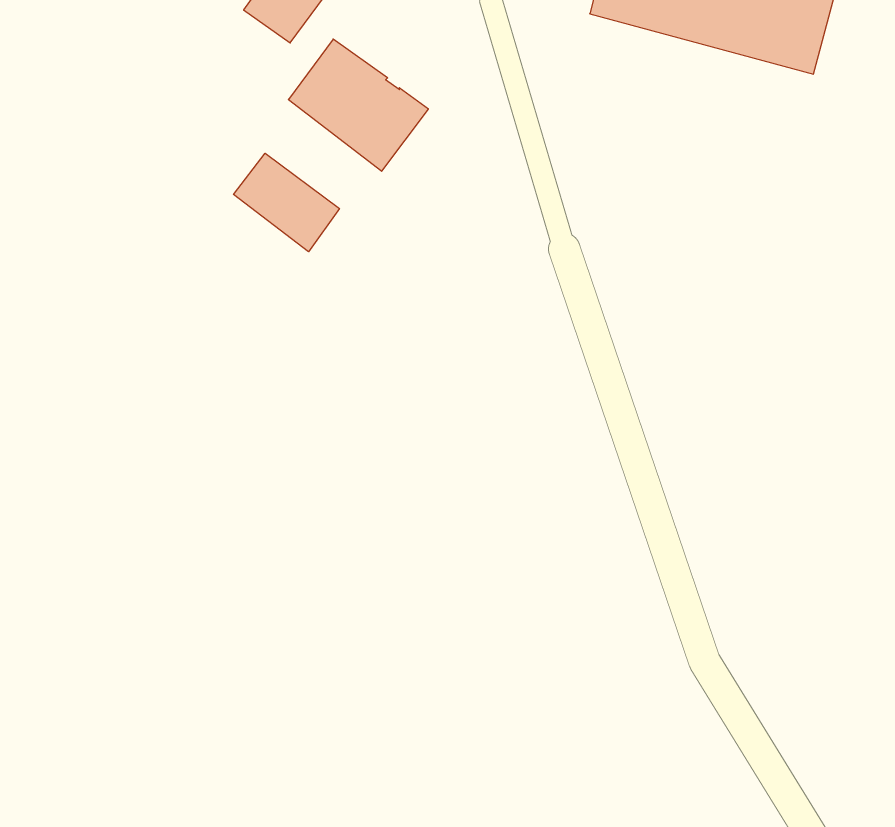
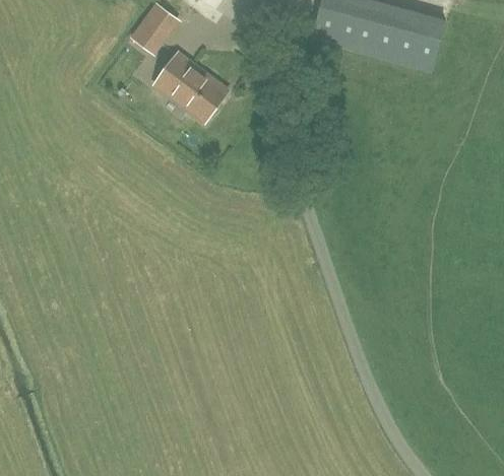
building: [234,153,339,252] -> none

